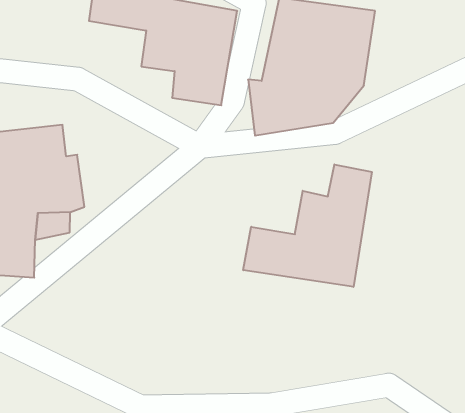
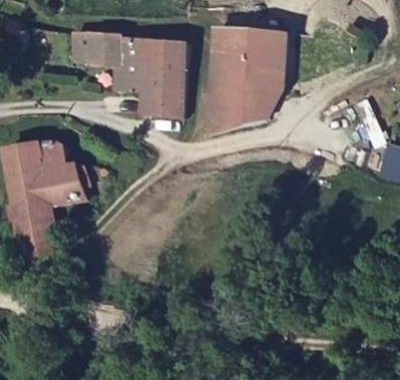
building: [243,164,372,287] -> none

